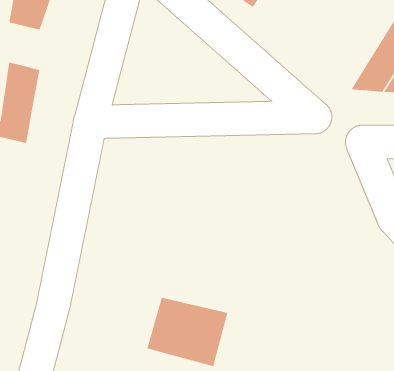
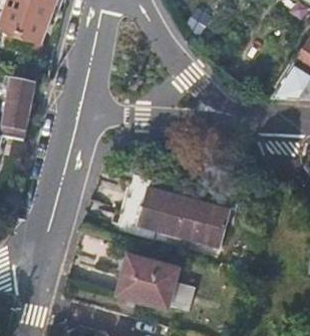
building: none -> [136,188,230,246]

